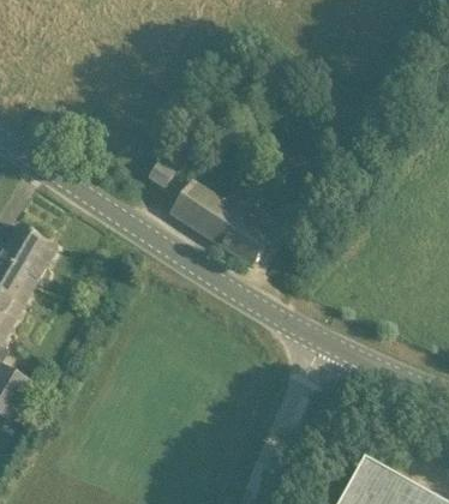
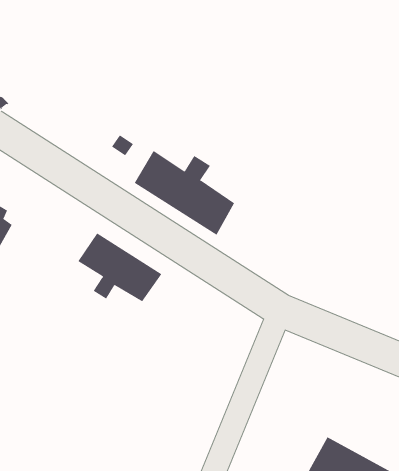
building: none -> [77,232,162,302]

